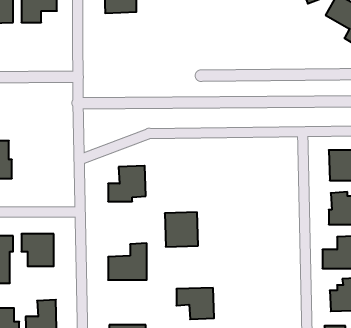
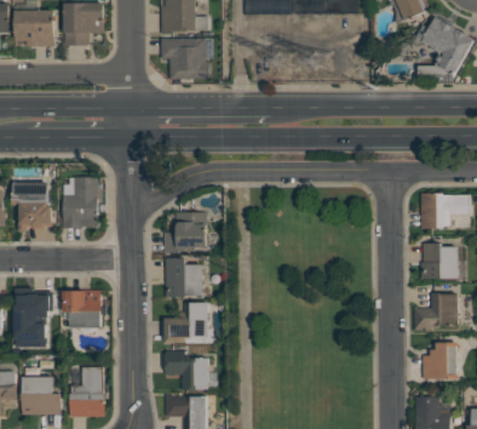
building: none -> [161,36,209,79]
building: none -> [64,176,99,227]
building: [165,212,198,247] -> [165,256,203,296]
building: [176,288,214,319] -> [166,354,209,390]

